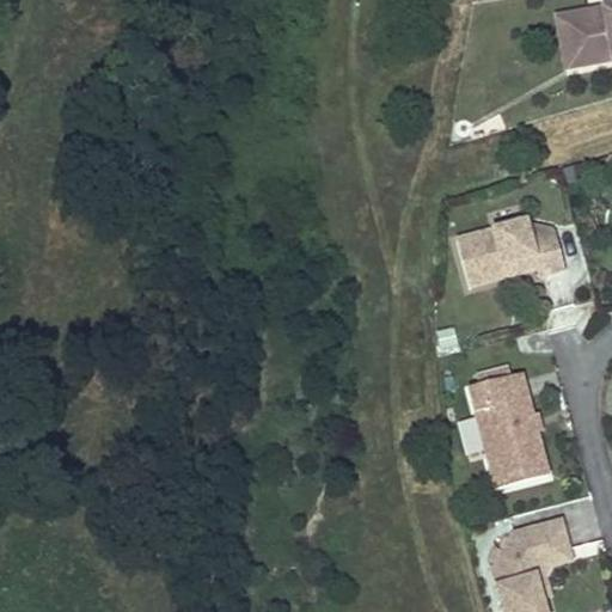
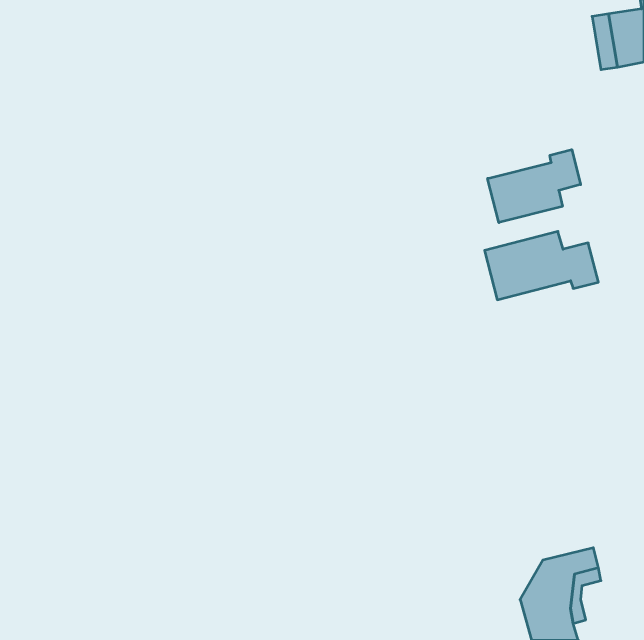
building: none -> [488,150,581,223]
building: [471,372,547,485] -> none

